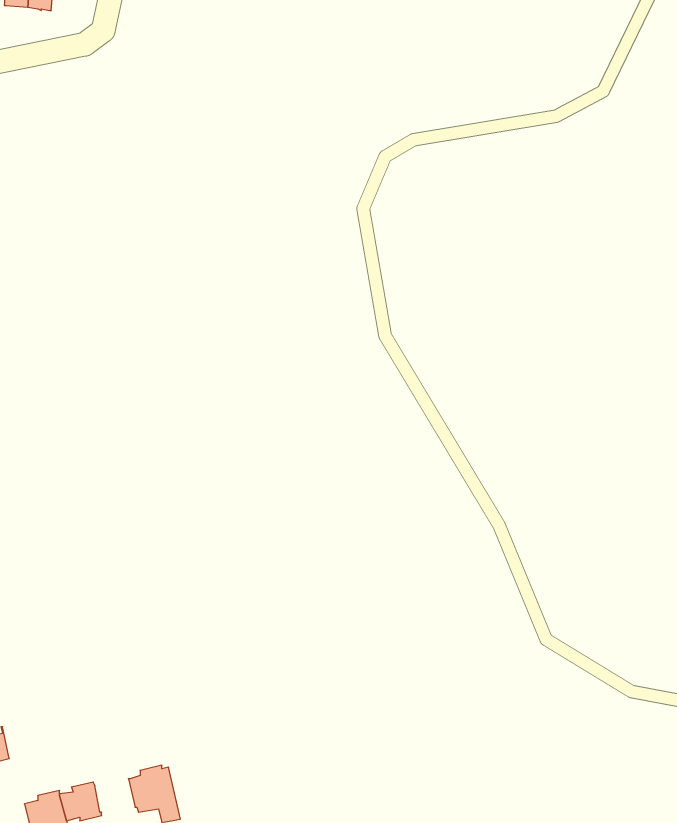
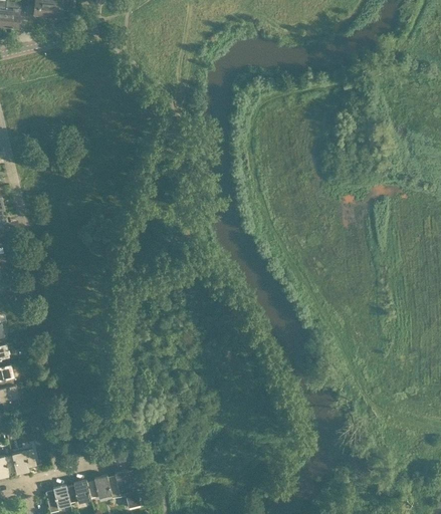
building: none -> [87,475,112,498]

